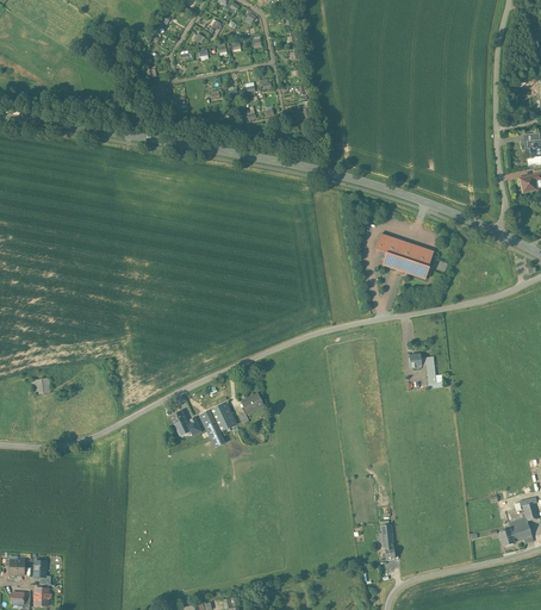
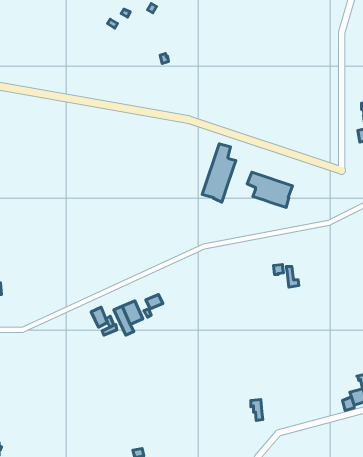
building: none -> [202,144,236,202]

